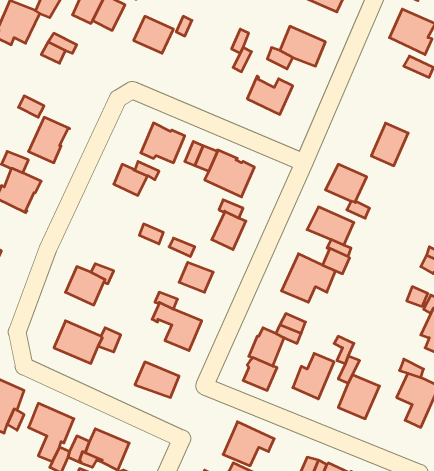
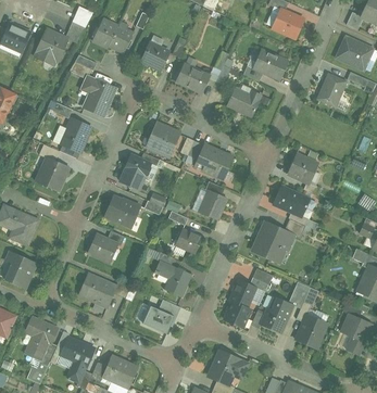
building: none -> [176,63,210,92]
building: none -> [81,76,115,115]
building: [371,123,408,166] -> [317,74,345,106]
building: none -> [104,196,140,225]

